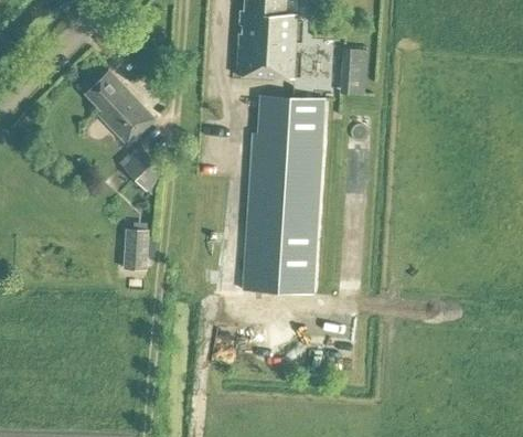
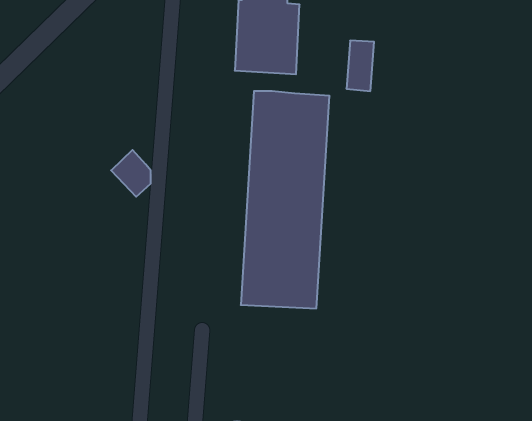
building: [87,71,156,143] -> none
building: [124,228,157,269] -> none

